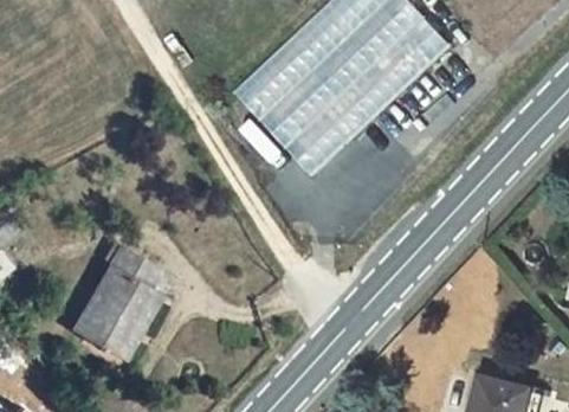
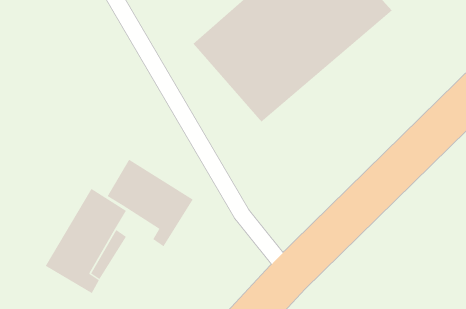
building: none -> [107,159,194,247]

